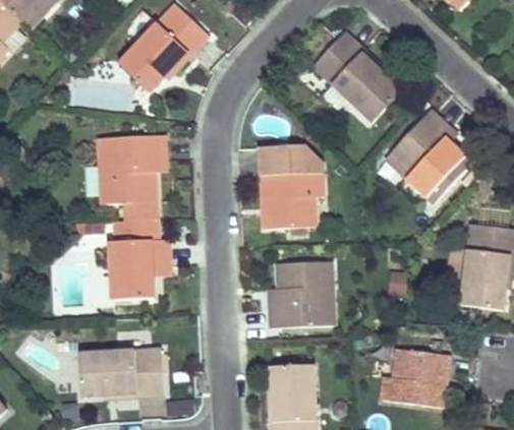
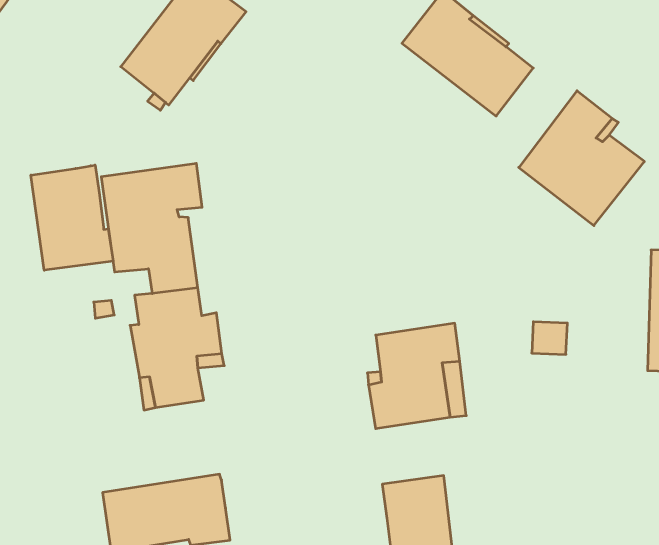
building: none -> [31,165,113,270]
building: [259,144,323,229] -> none
building: [380,348,449,407] -> none

